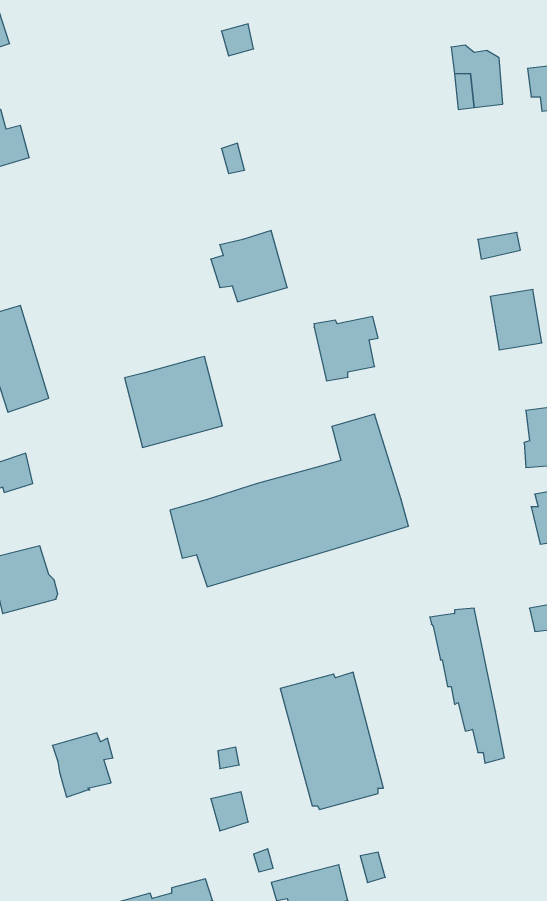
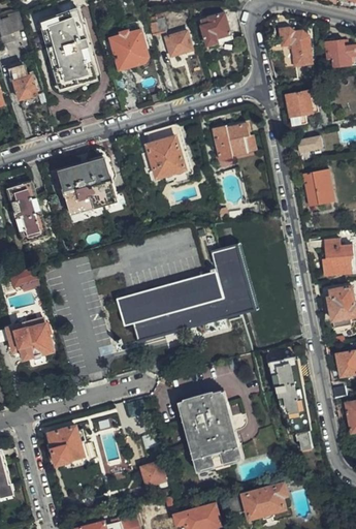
building: none -> [38,8,95,87]
building: none -> [201,13,232,45]
building: none -> [110,31,148,69]
building: none -> [165,32,192,56]
building: none -> [286,90,318,126]
building: [314,317,378,381] -> [213,124,250,161]
building: [125,357,222,447] -> [58,158,115,211]
building: none -> [245,484,288,518]

